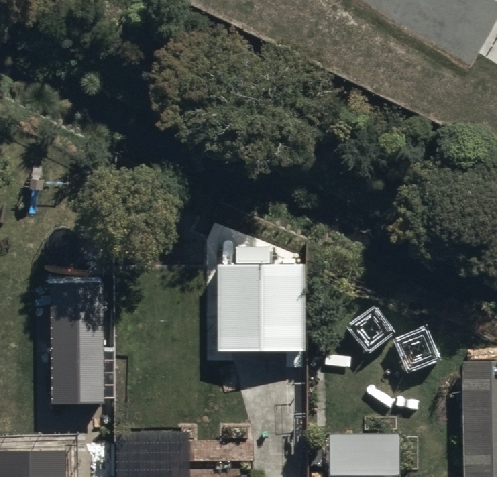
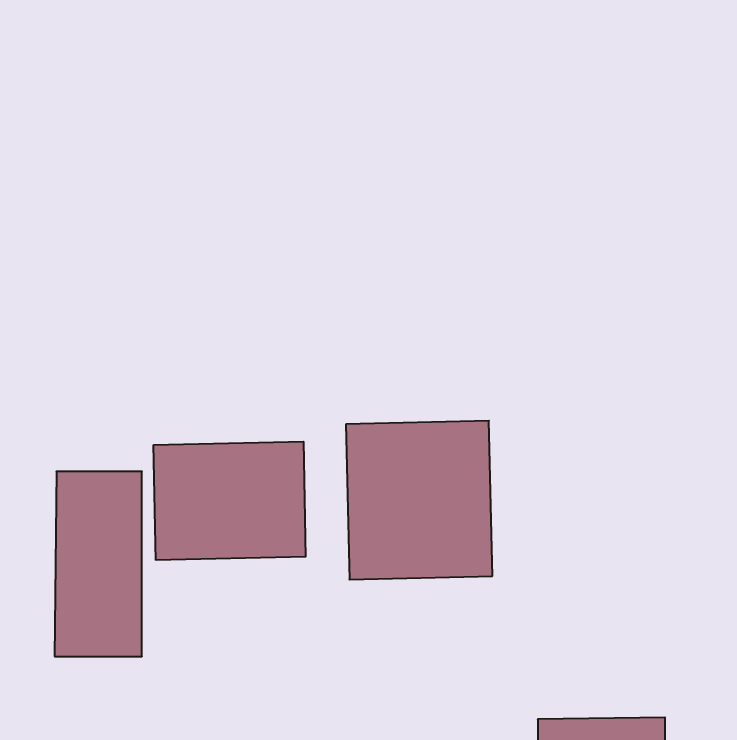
building: none -> [154,442,306,560]

